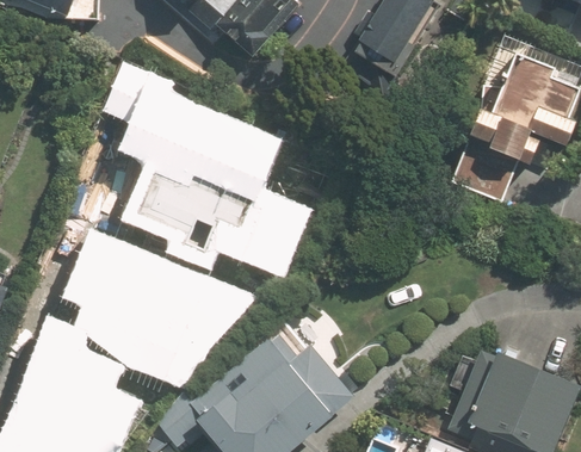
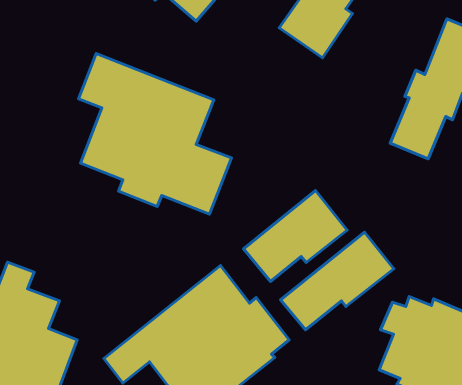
building: [64,223,231,365] -> none
building: none -> [243,191,347,281]
building: none -> [280,232,394,330]

